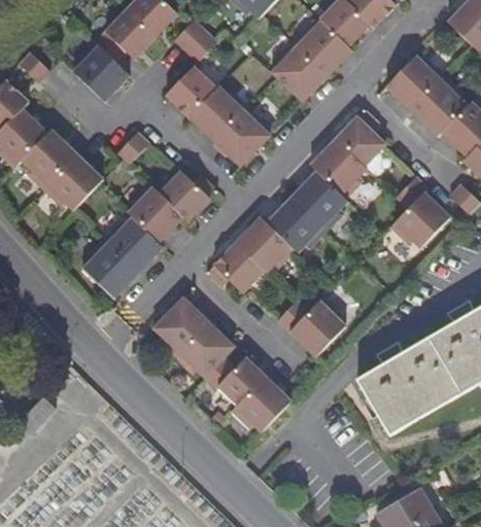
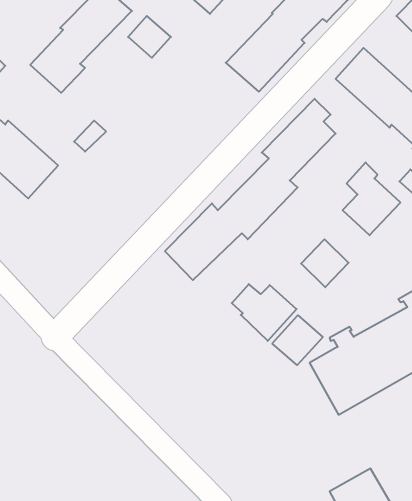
building: [165,66,272,164] -> none
building: [83,169,216,294] -> none
building: none -> [301,239,349,287]
building: [149,295,293,431] -> none
building: none -> [272,315,323,365]

